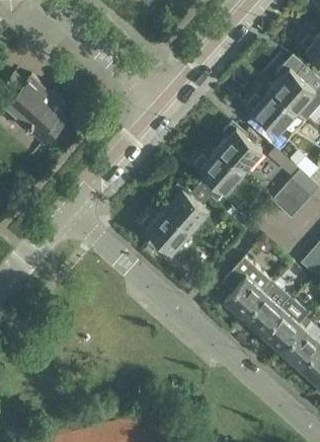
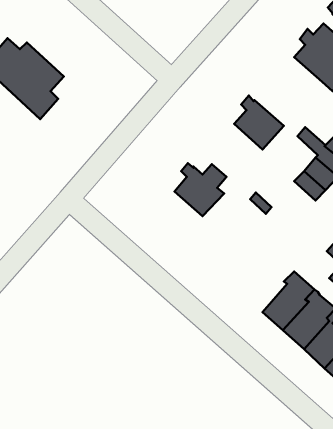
building: [248,89,297,133] -> none
building: [194,149,243,202] -> none
building: [141,210,189,253] -> none
building: [224,257,271,318] -> none

